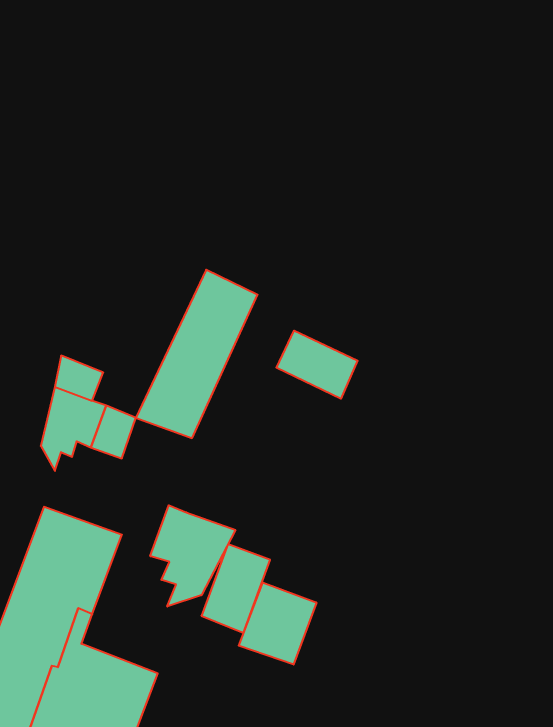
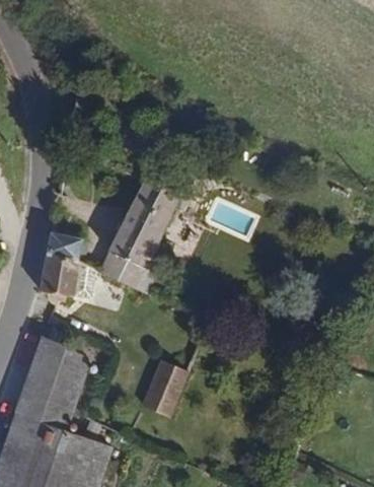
building: [276,331,358,399] -> none
building: [150,505,235,607] -> none
building: [239,583,316,665] -> none

